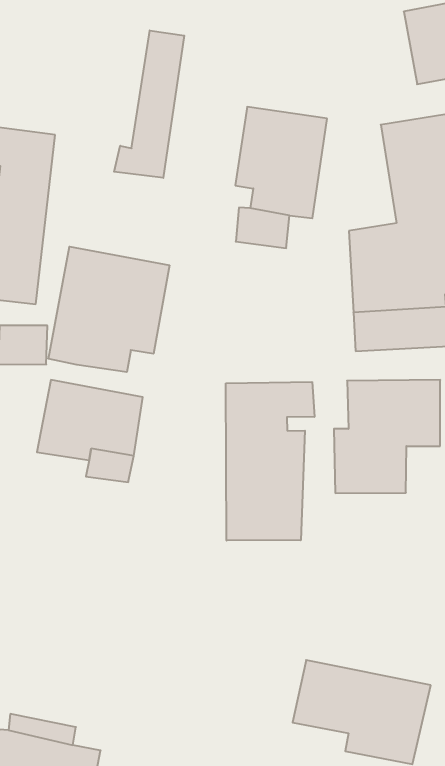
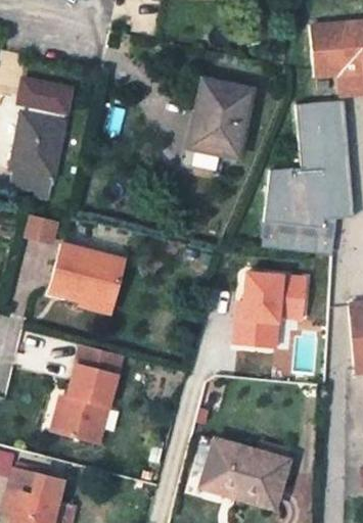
building: [114,30,184,178] -> none
building: [49,247,169,372] -> none
building: [226,382,314,541] -> none
building: none -> [52,344,117,445]

